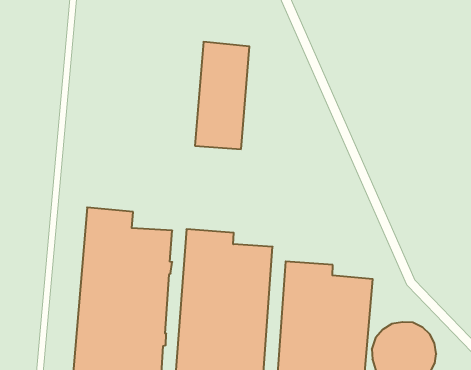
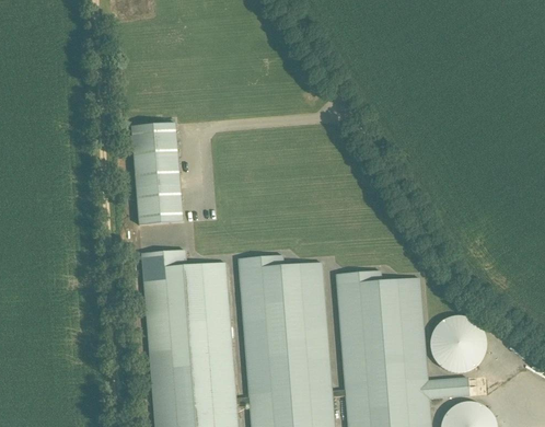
building: [195,42,249,149] -> [132,126,183,227]

